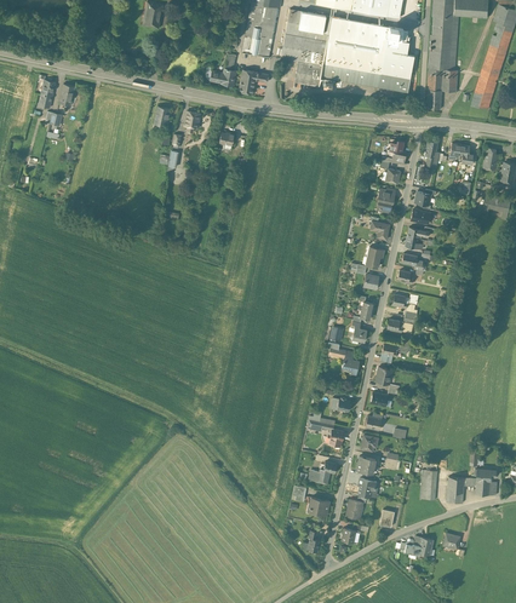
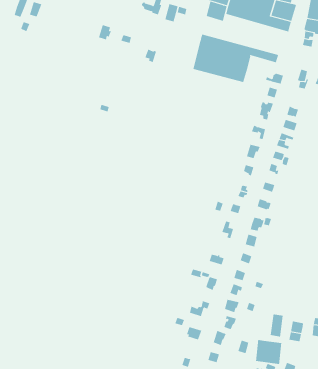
building: none -> [193,28,279,83]
building: none -> [255,339,282,365]

